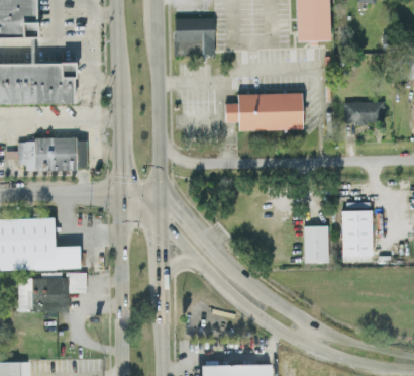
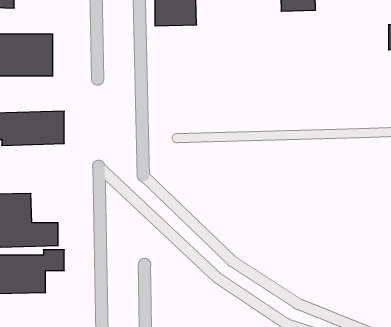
building: [224,92,302,129] -> none
building: [342,101,384,123] -> none
building: [341,210,372,262] -> none
building: [303,225,328,263] -> none

